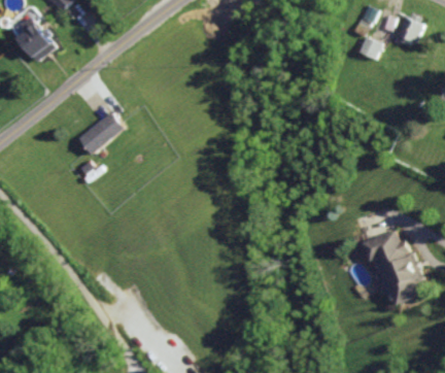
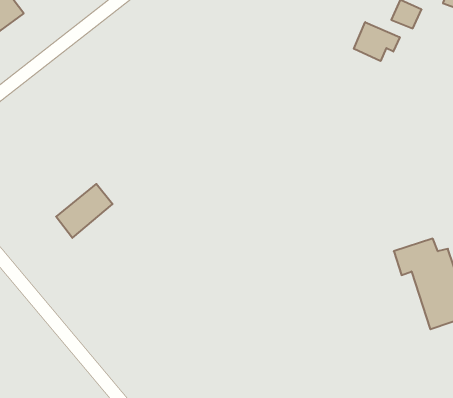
building: none -> [354,22,400,61]
building: [77,111,124,156] -> [56,184,113,238]

